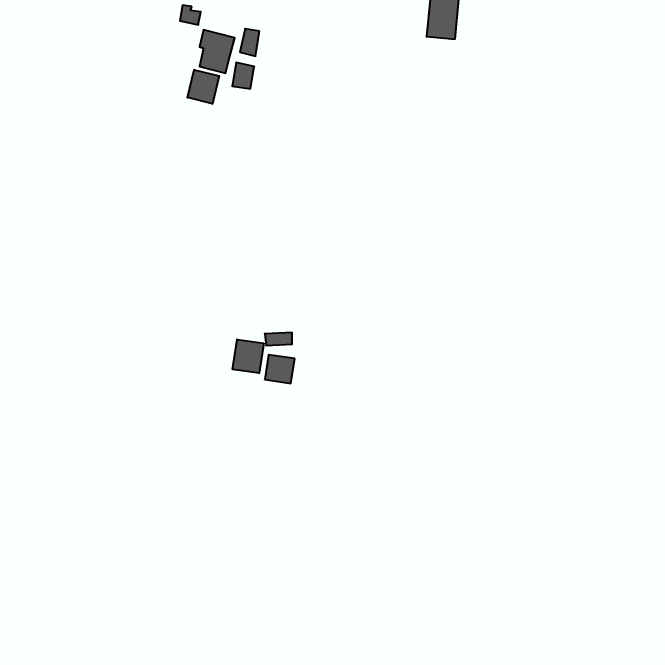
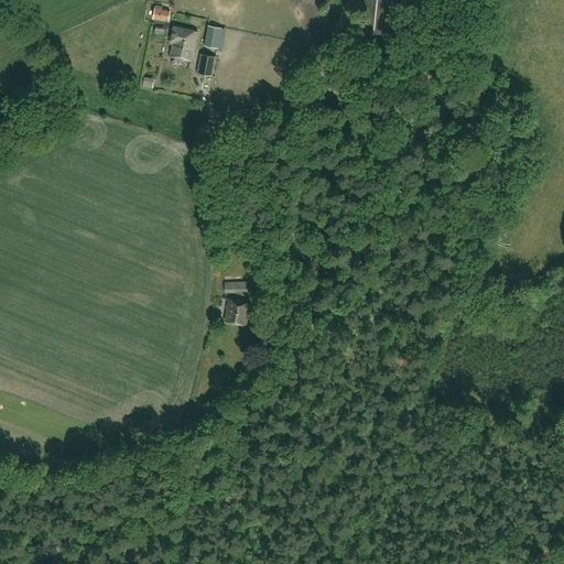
building: [187,70,219,104] -> none
building: [233,339,264,373] -> none

